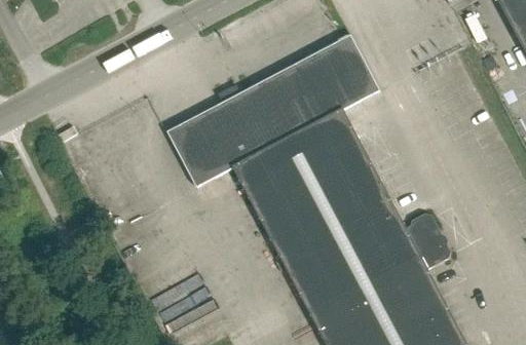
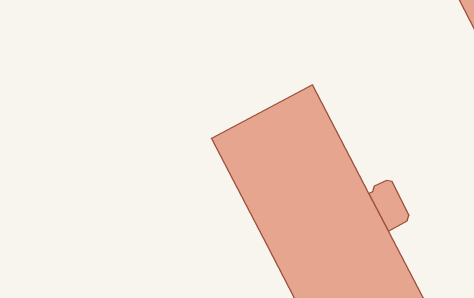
building: [167,35,380,187] -> none

